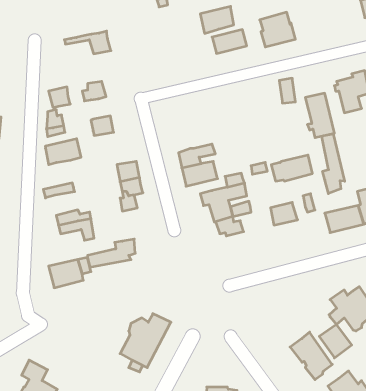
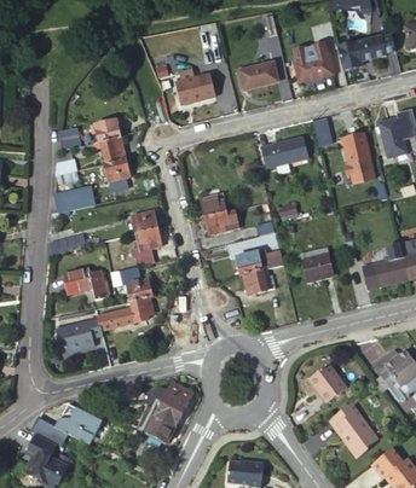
building: none -> [335,35,393,70]
building: [200,6,234,33] -> [174,75,212,105]
building: [64,31,111,54] -> [73,136,125,162]
building: [322,134,345,194] -> none
building: [271,155,312,181] -> [261,136,307,165]
building: none -> [119,265,151,300]
building: [319,324,352,358] -> [307,361,343,399]
building: none -> [30,401,99,445]

